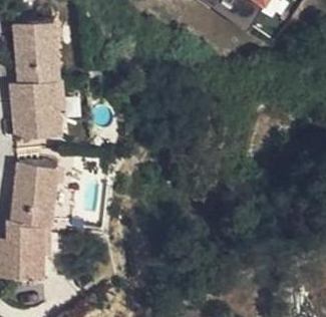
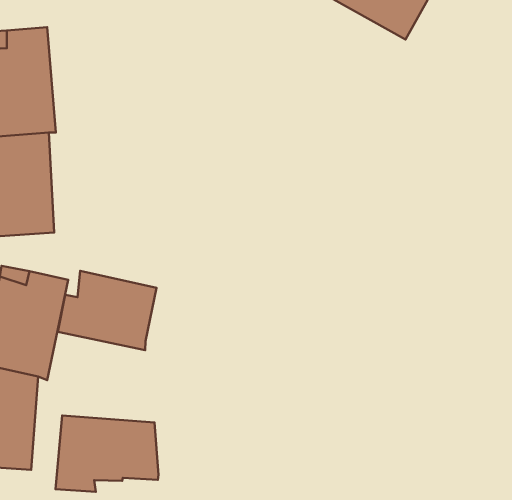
building: none -> [58,271,156,350]
building: none -> [56,415,159,492]

